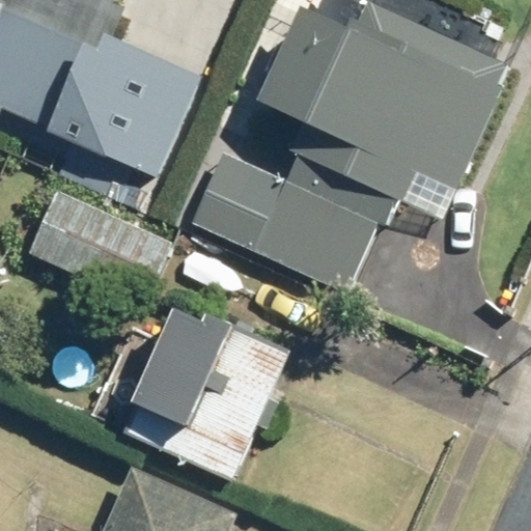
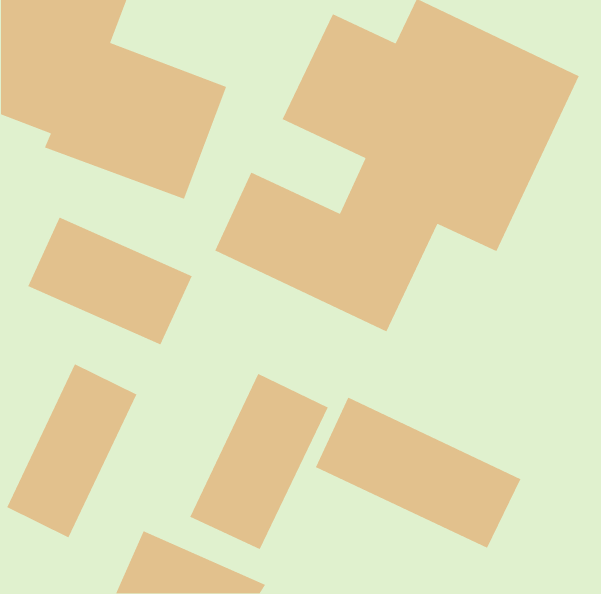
building: [114,300,229,453] -> [6,363,137,538]
building: none -> [315,396,522,549]

